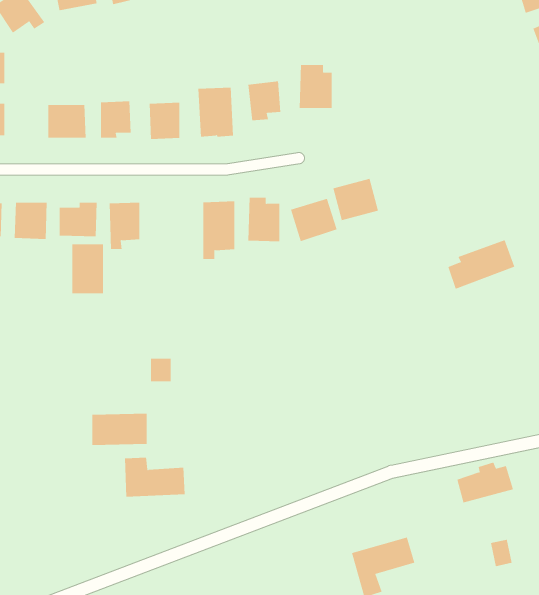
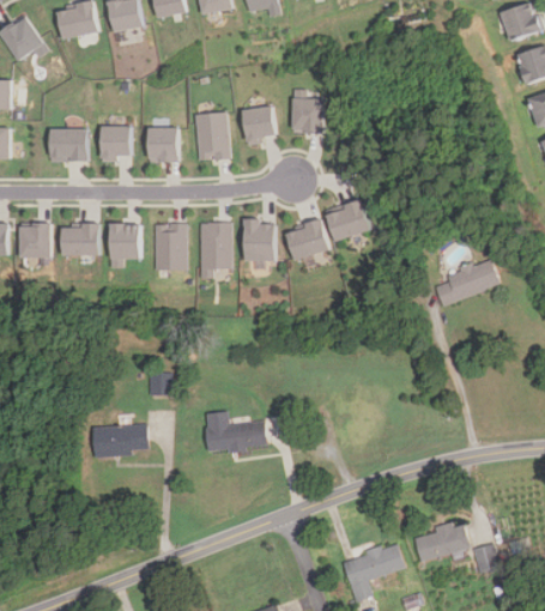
building: [71,244,104,294] -> [155,223,186,271]
building: [124,457,186,497] -> [206,412,265,450]
building: [456,462,514,503] -> [414,522,470,562]

